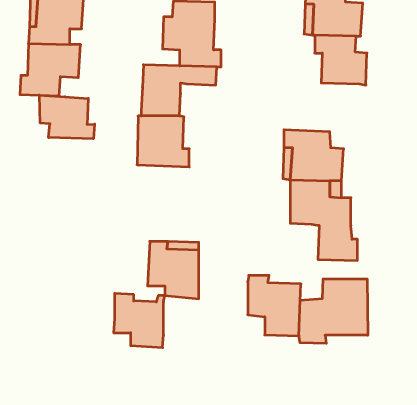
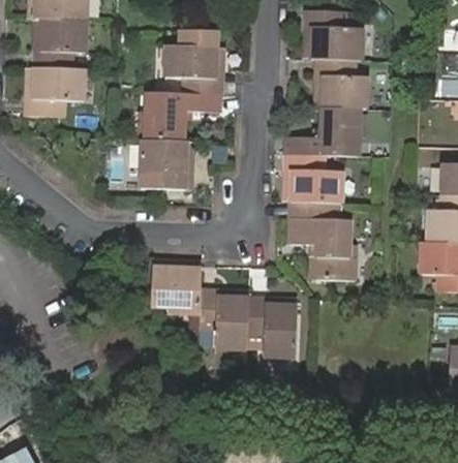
building: none -> [283,107,357,155]
building: [39,95,95,139] -> none
building: [299,279,368,343] -> none
building: [114,293,165,348] -> [200,292,249,345]

